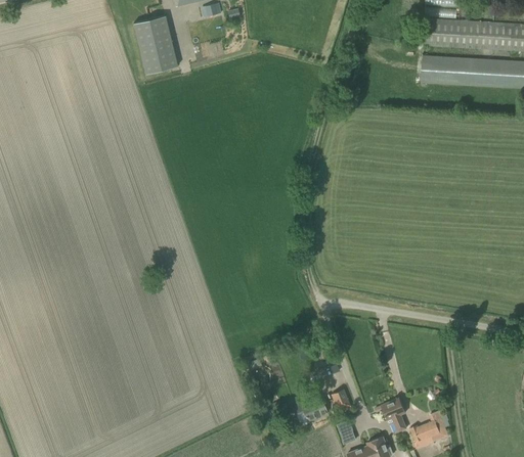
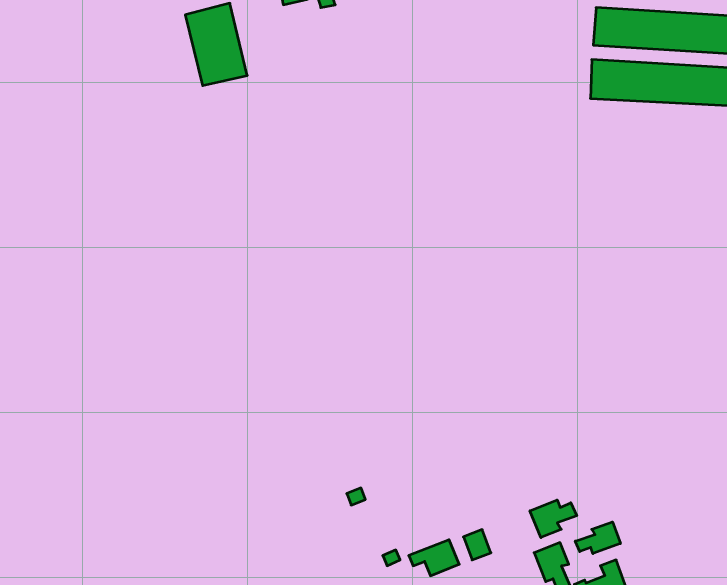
building: none -> [530,500,577,538]
building: none -> [575,522,620,554]

